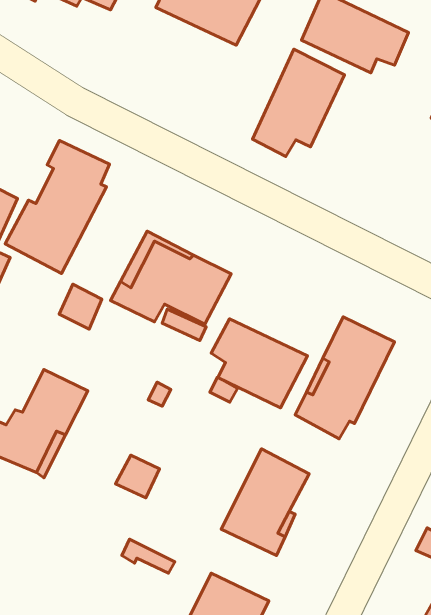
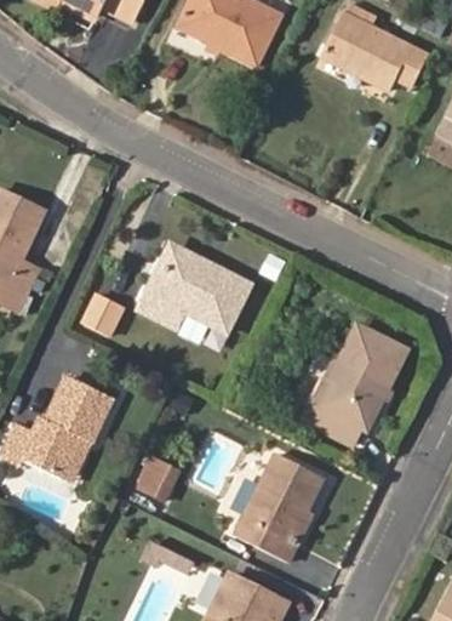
building: [252,49,344,157] -> none
building: [5,141,110,273] -> none
building: [211,319,308,408] -> none

